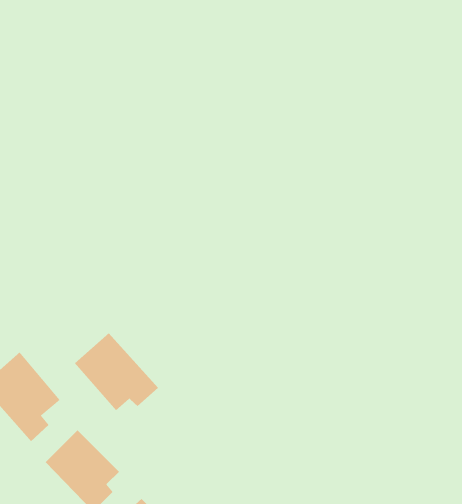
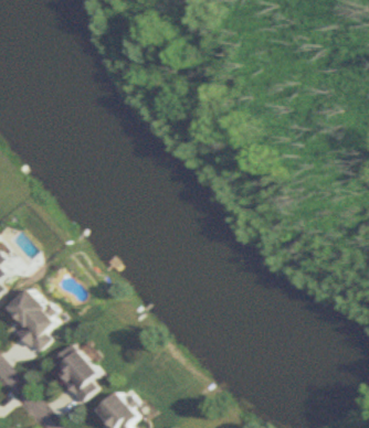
building: [74,333,159,411] -> none

